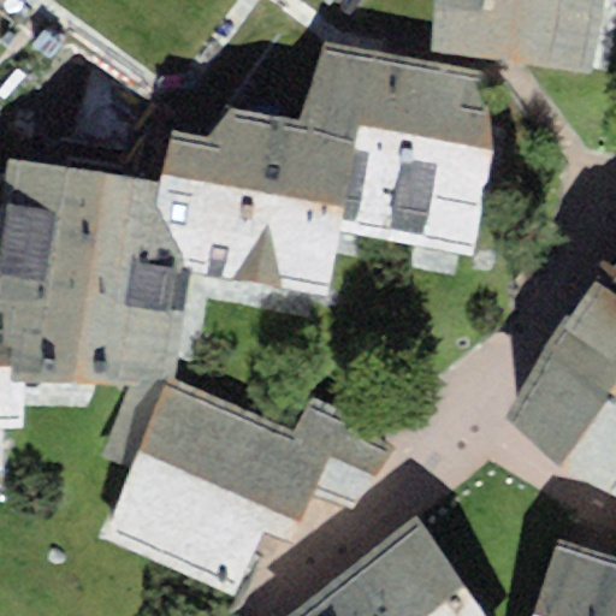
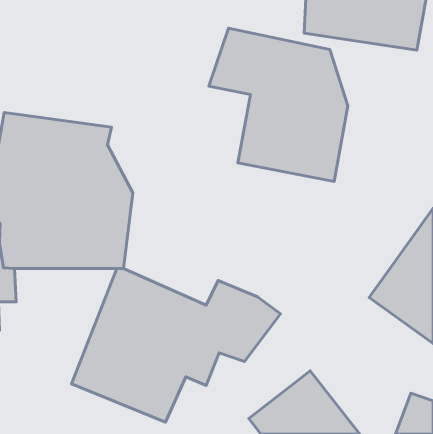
building: [152,108,354,296] -> none

